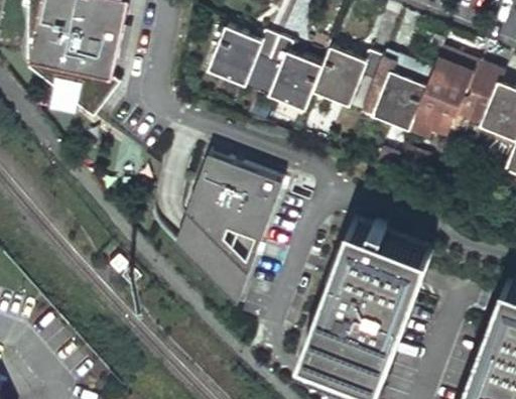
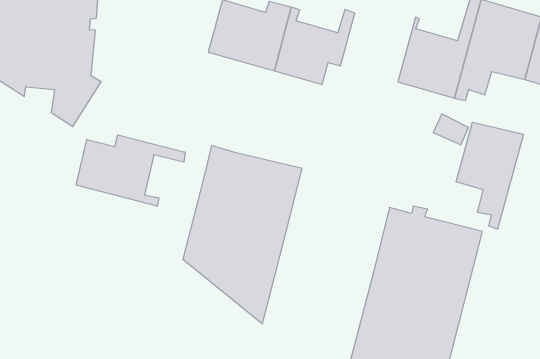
building: [326,52,394,115] -> none
building: none -> [76,135,185,206]
building: none -> [456,122,523,229]

